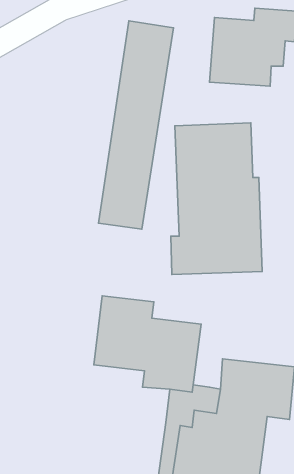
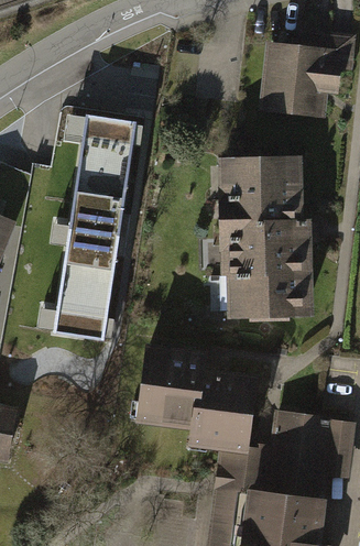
building: [98,21,173,229] -> [50,113,131,340]

